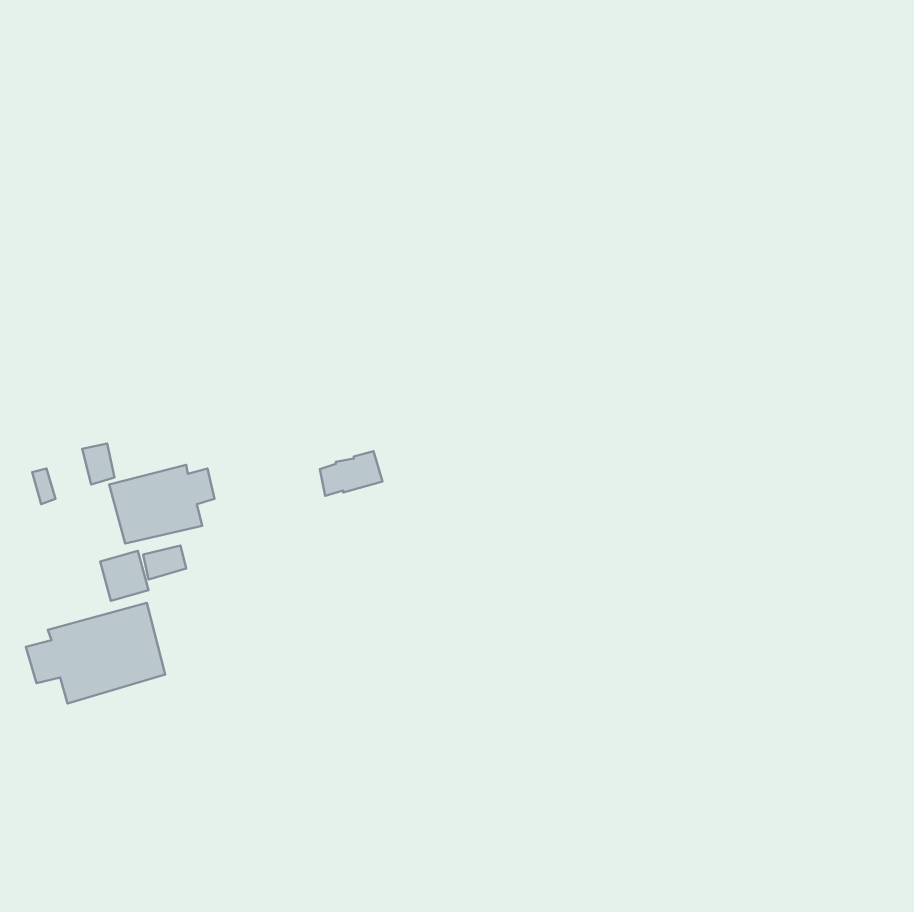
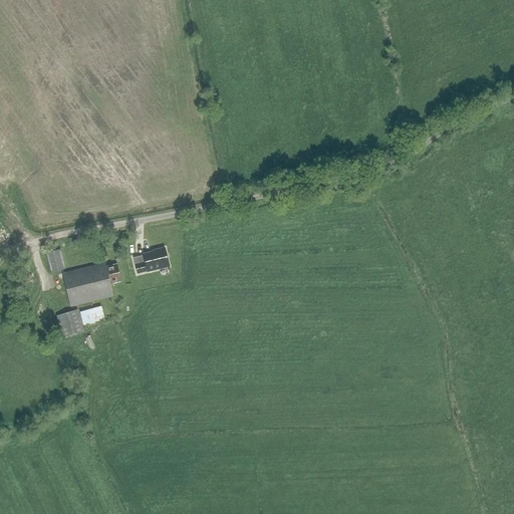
building: [320,451,382,496] -> [134,247,169,272]
building: [26,603,165,703] -> none

